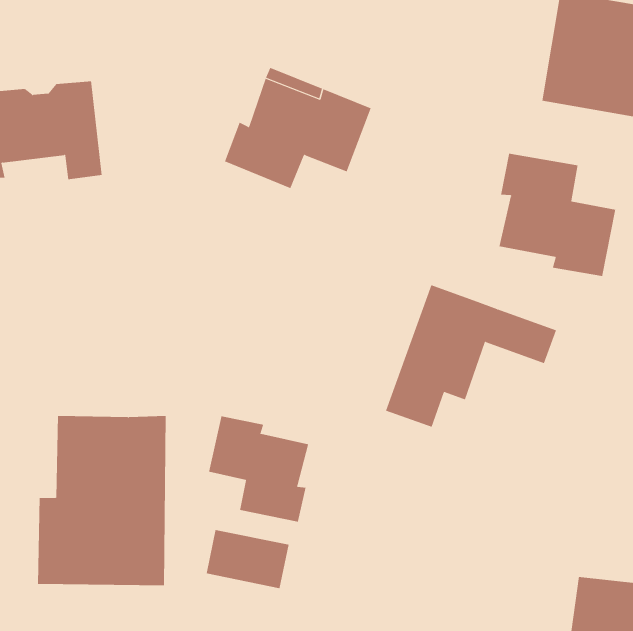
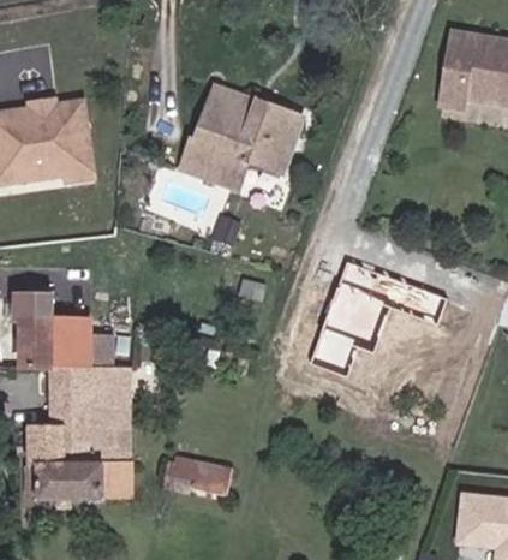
building: [499,153,616,277] -> none
building: none -> [11,287,107,365]
building: [208,415,309,522] -> none

